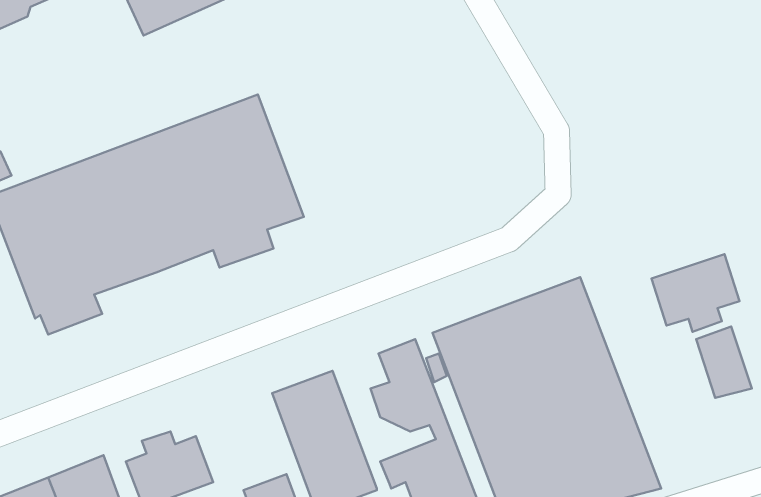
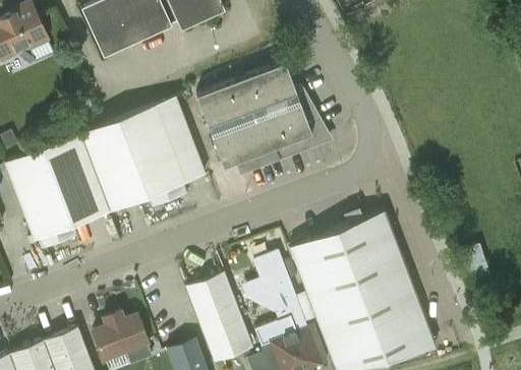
building: none -> [196,64,334,177]
building: [652,254,739,332] -> none

